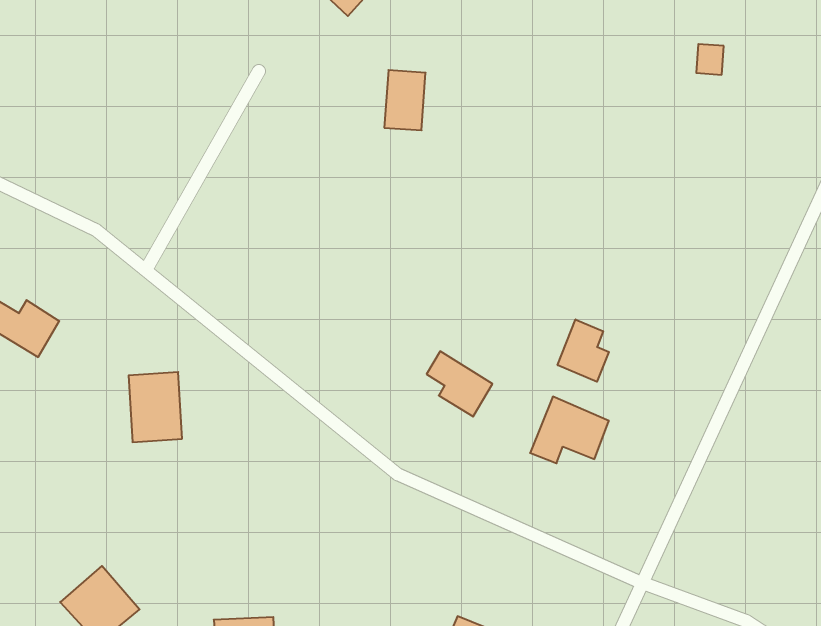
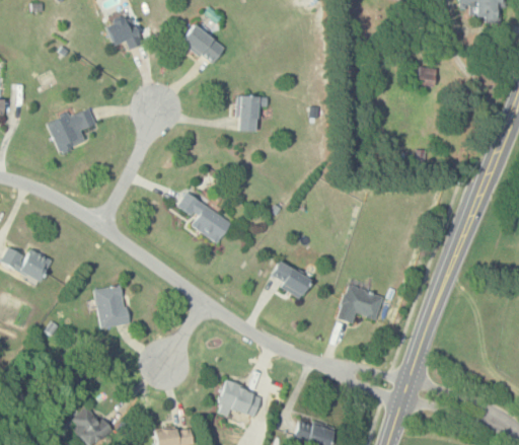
building: none -> [48,107,95,152]
building: none -> [177,193,231,243]
building: [558,319,609,382] -> none
building: none -> [216,381,263,420]

